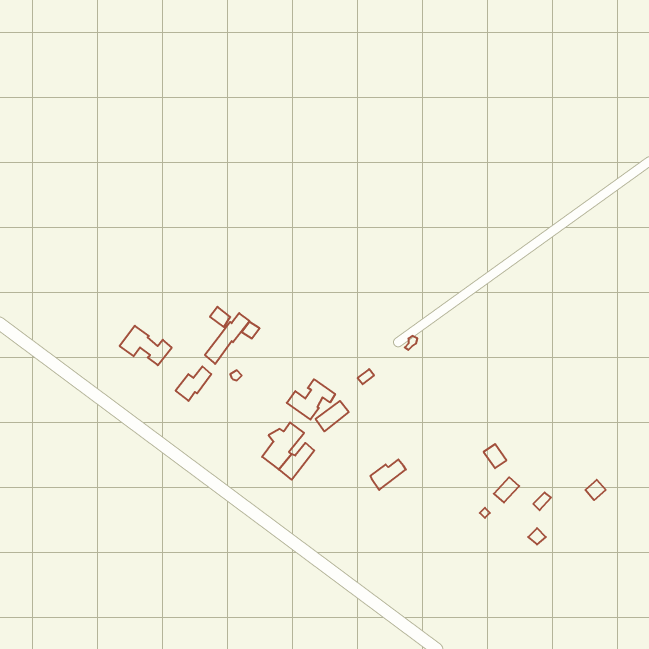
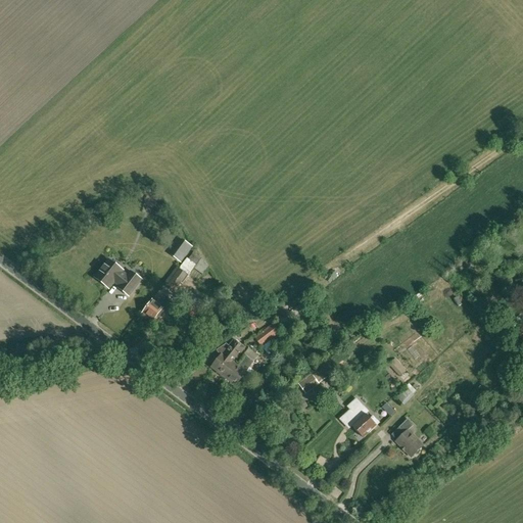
building: [287,379,335,420] -> none
building: none -> [339,398,378,437]
building: none -> [395,419,422,457]

